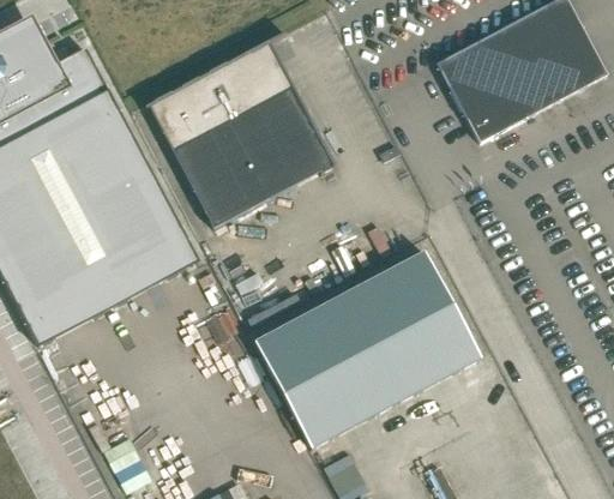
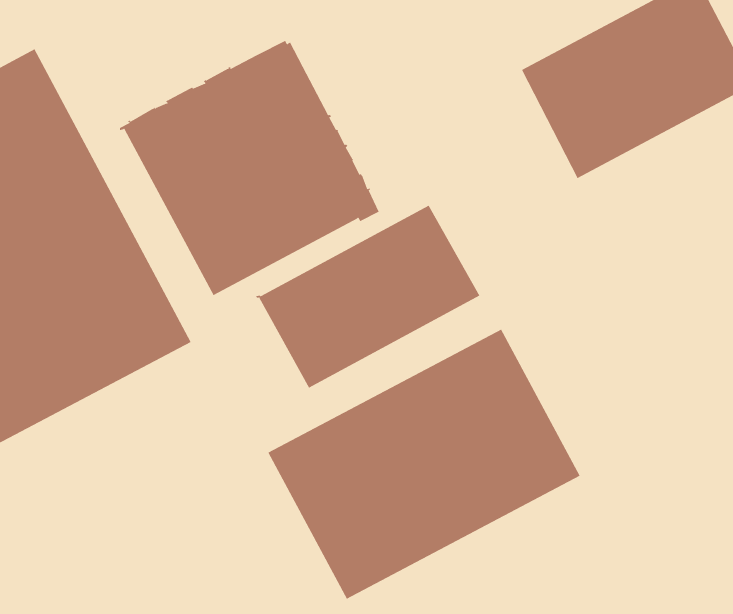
building: none -> [255,205,480,389]

